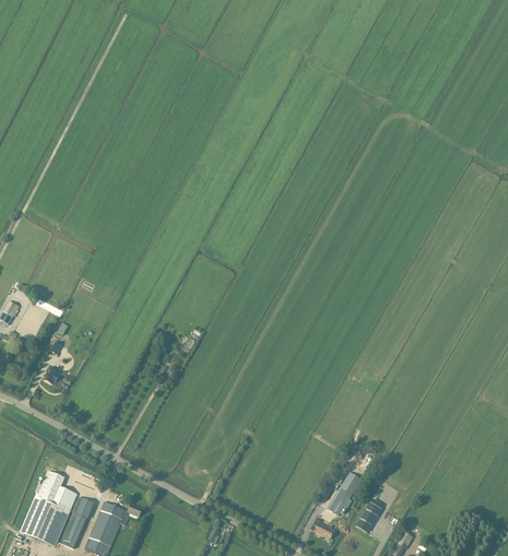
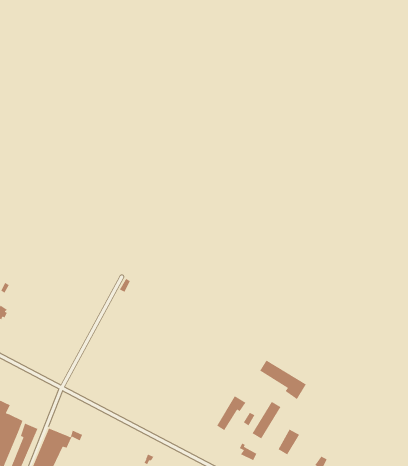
building: none -> [259,359,307,400]
building: none -> [216,395,247,431]

